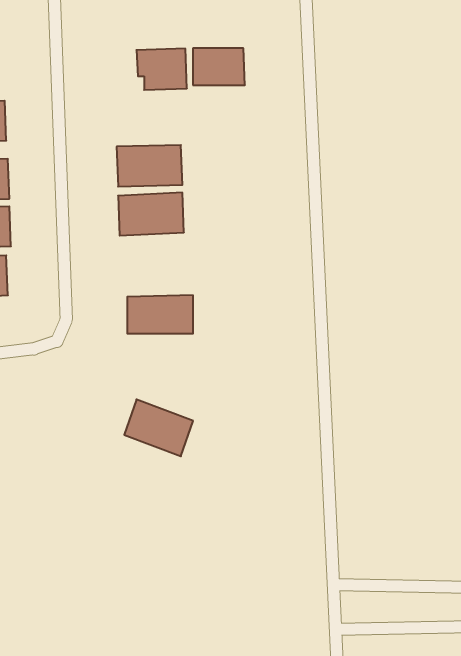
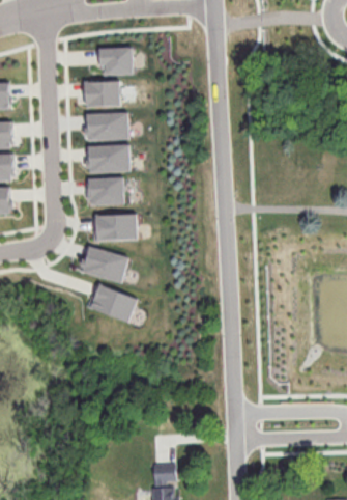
building: [193,48,245,85] -> [85,81,120,106]
building: none -> [87,177,124,205]
building: none -> [81,246,128,283]

